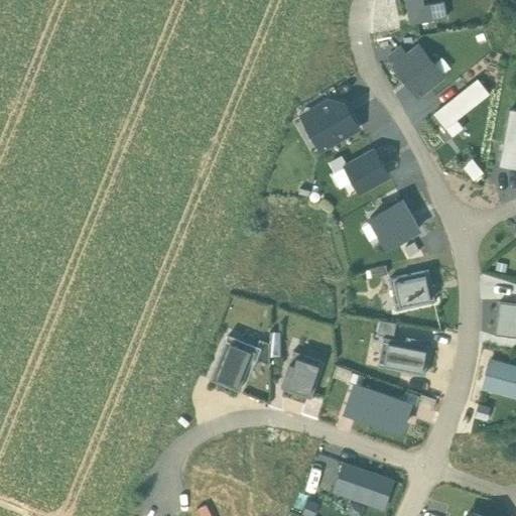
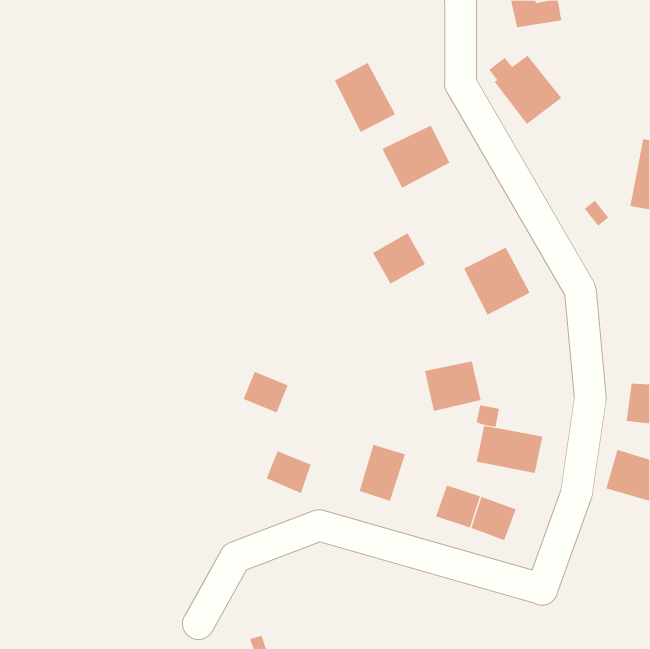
building: none -> [334,62,396,133]
building: [433,80,490,137] -> none
building: [346,151,388,192] -> [372,232,426,285]
building: [389,271,434,311] -> [424,361,481,412]
building: [220,336,256,369] -> [243,371,289,413]
building: [333,462,396,510] -> none

